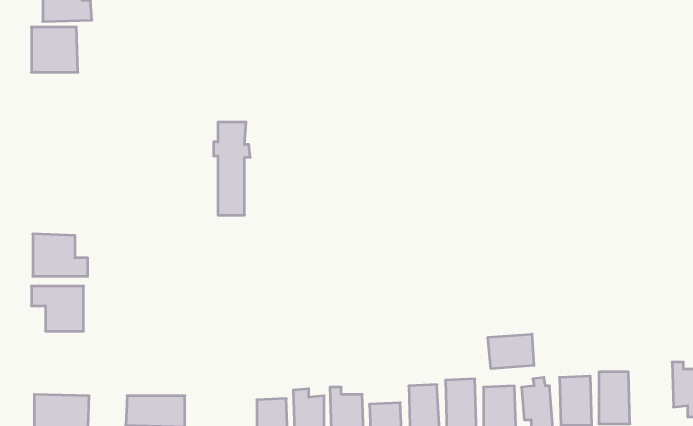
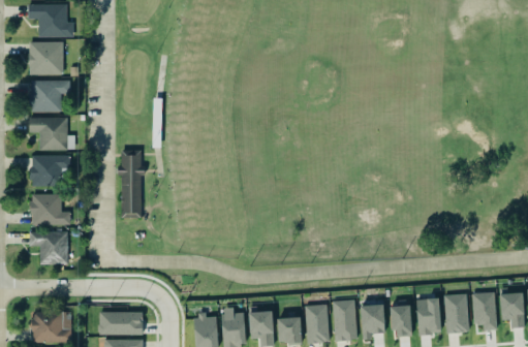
building: none -> [30,80,70,112]
building: [214,122,250,215] -> [117,149,144,217]
building: none -> [30,117,75,150]
building: none -> [32,154,71,186]
building: [488,334,534,369] -> none
building: none -> [472,291,496,329]

